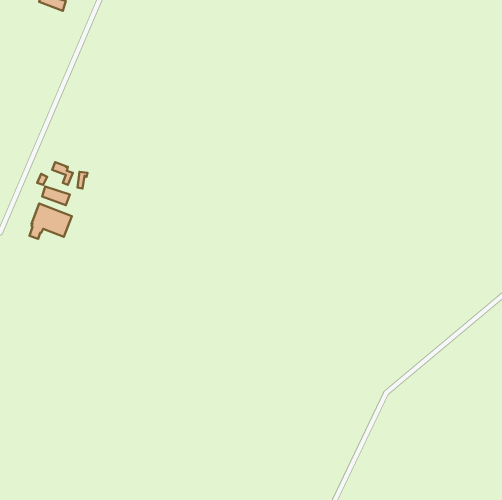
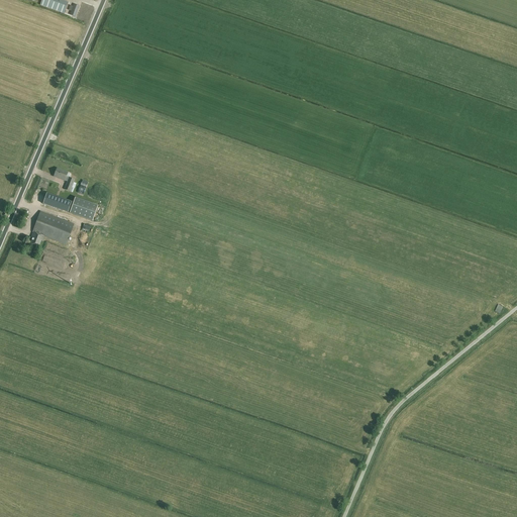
building: none -> [70,196,98,219]

